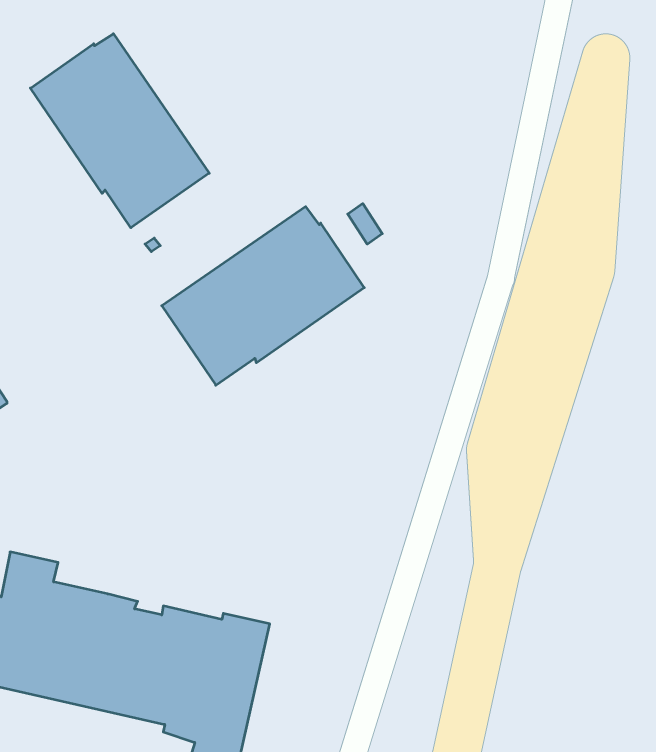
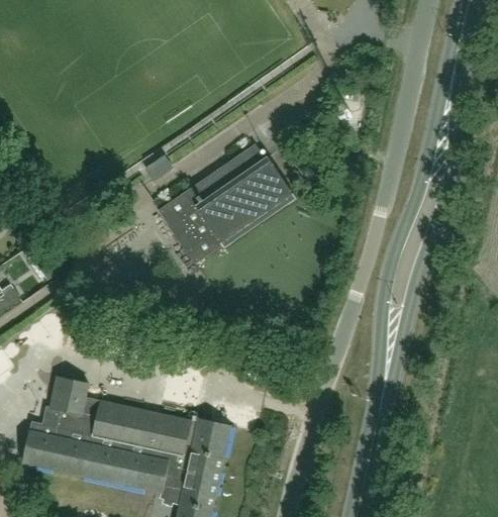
building: [30,34,209,228] -> none

